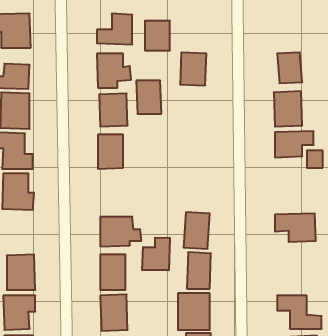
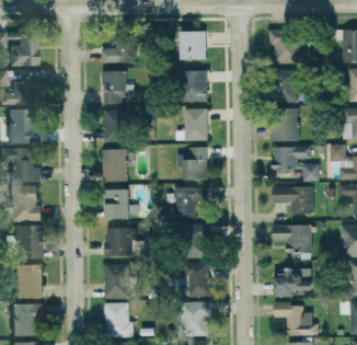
building: none -> [269,28,296,62]
building: [145,21,170,50] -> [182,31,206,59]
building: [136,81,161,114] -> [184,108,208,140]
building: none -> [176,147,208,180]
building: none -> [176,186,208,217]
building: none -> [273,186,314,215]
building: none -> [104,188,130,219]
building: none -> [15,227,42,260]
building: [142,238,170,270] -> none
building: none -> [275,267,312,297]

